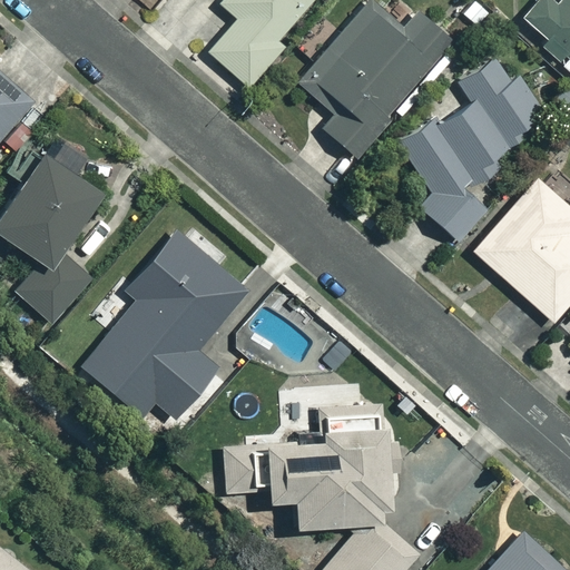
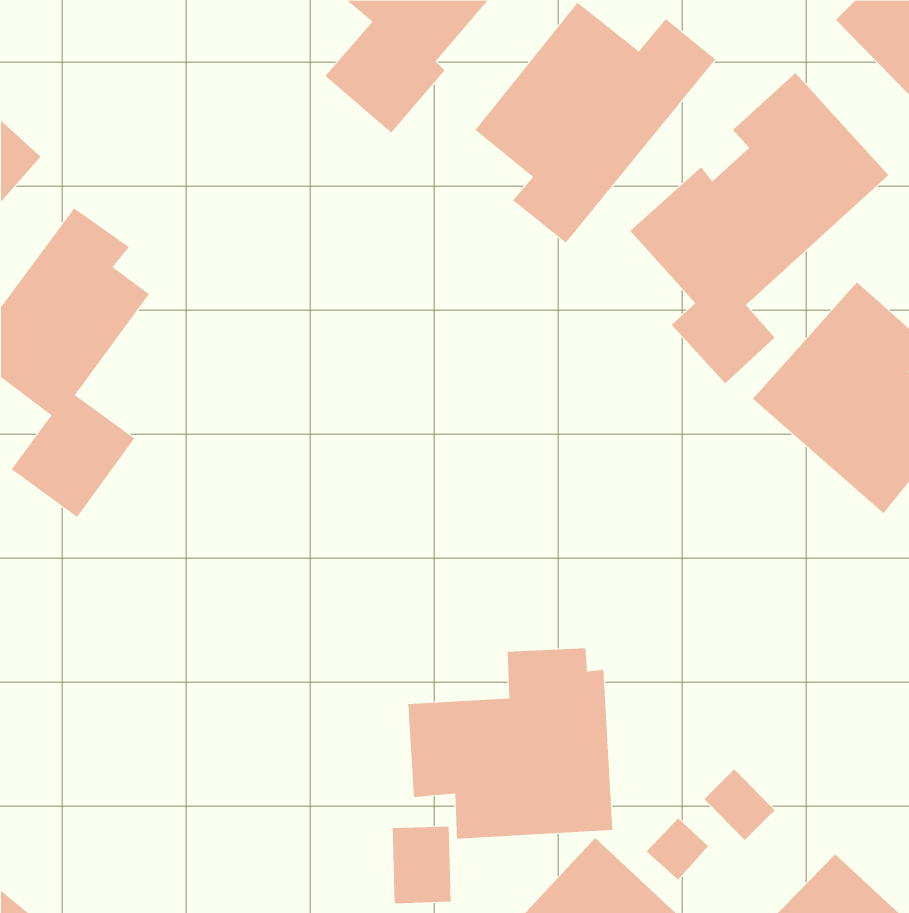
building: [82,230,248,420] -> none
building: [222,446,258,494] -> [392,826,451,904]

